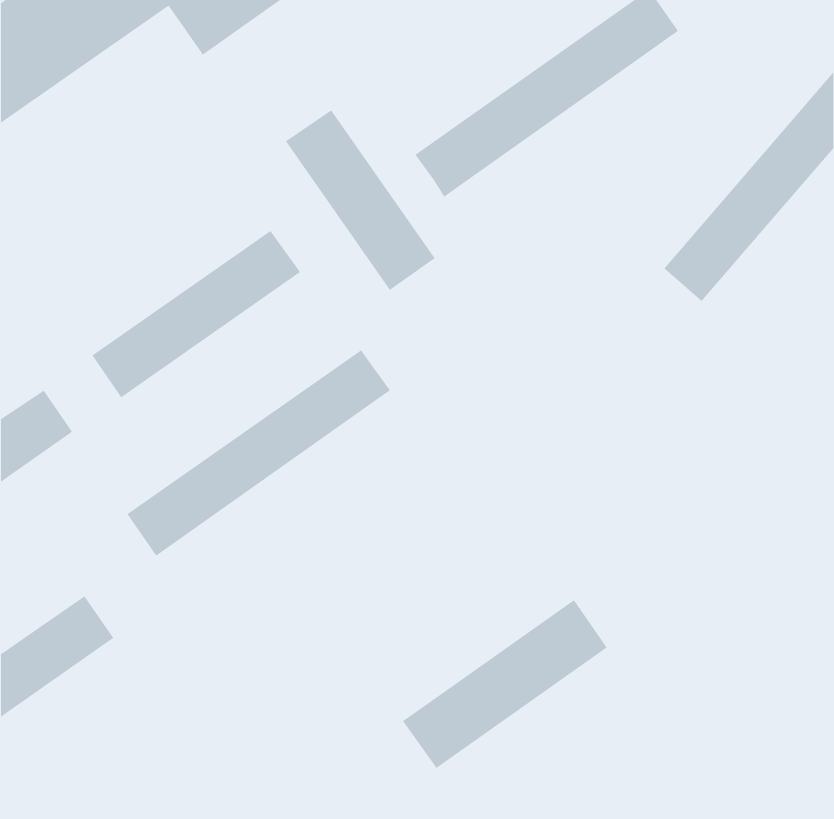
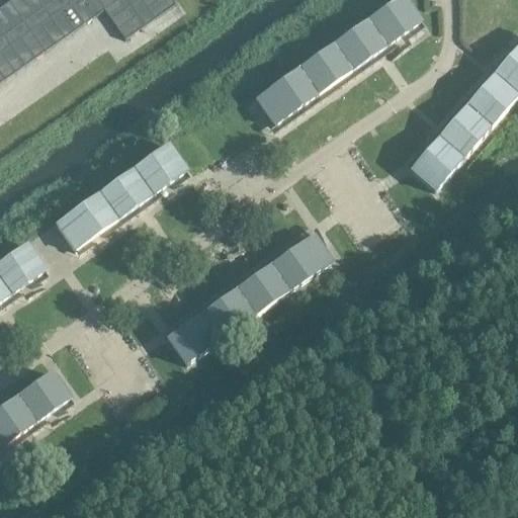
building: [285,109,436,291] -> none
building: [127,349,391,557] -> [168,233,332,361]
building: [402,600,607,769] -> none

